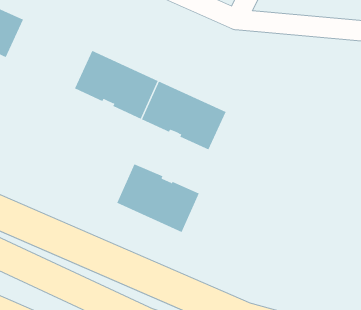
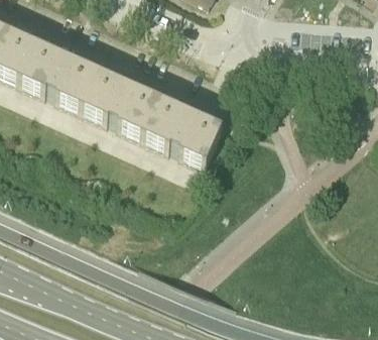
building: none -> [20,45,99,109]
building: [116,164,200,233] -> none

